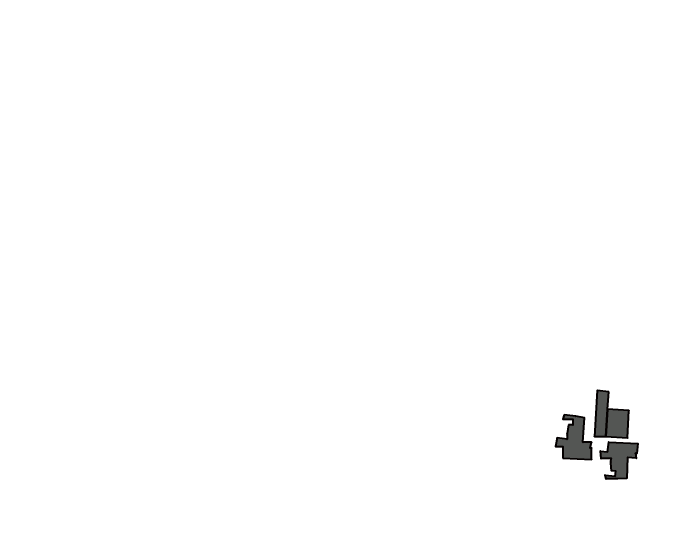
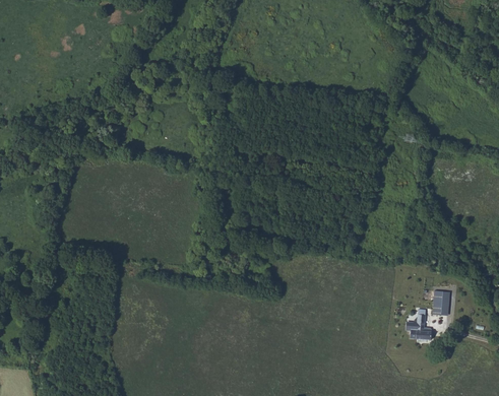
building: [600,442,638,479] -> none

